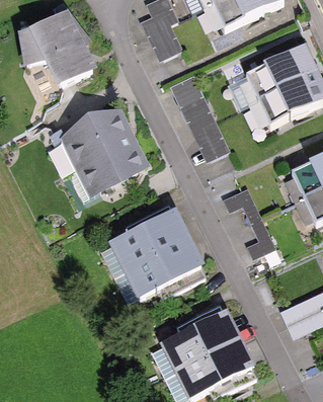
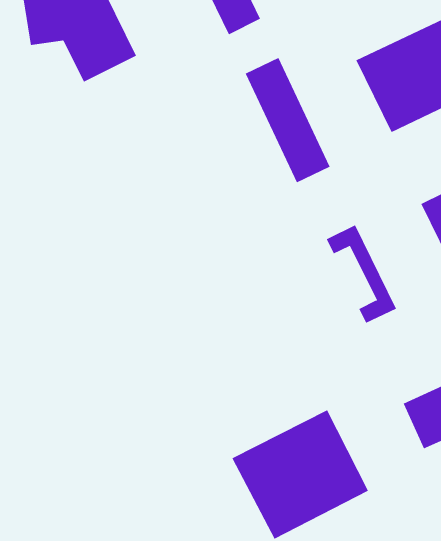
building: [60,107,146,194] -> none
building: [108,209,205,299] -> none

